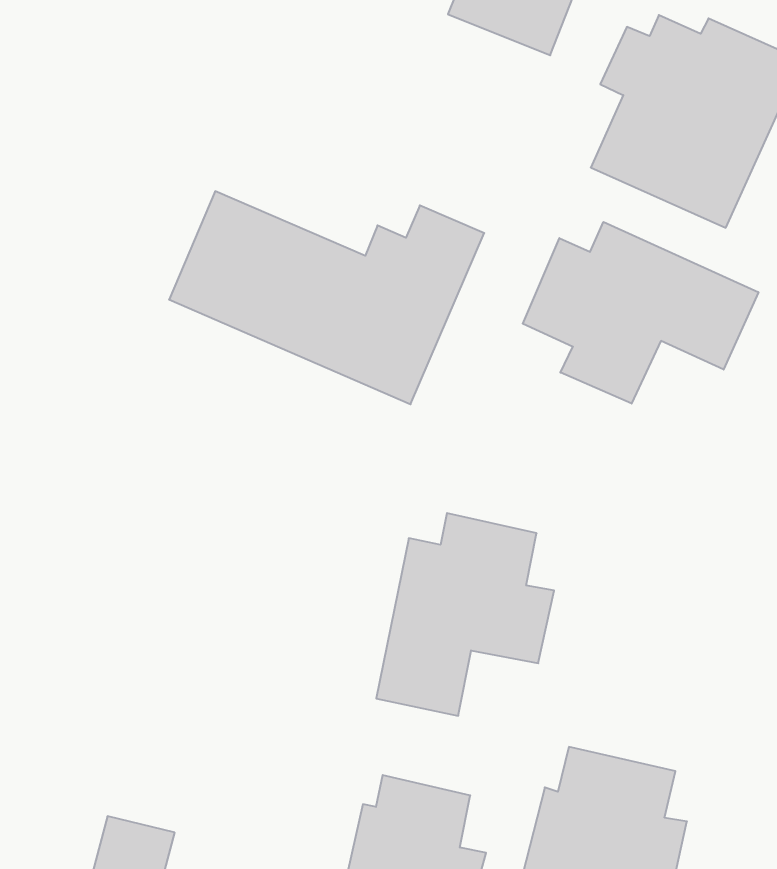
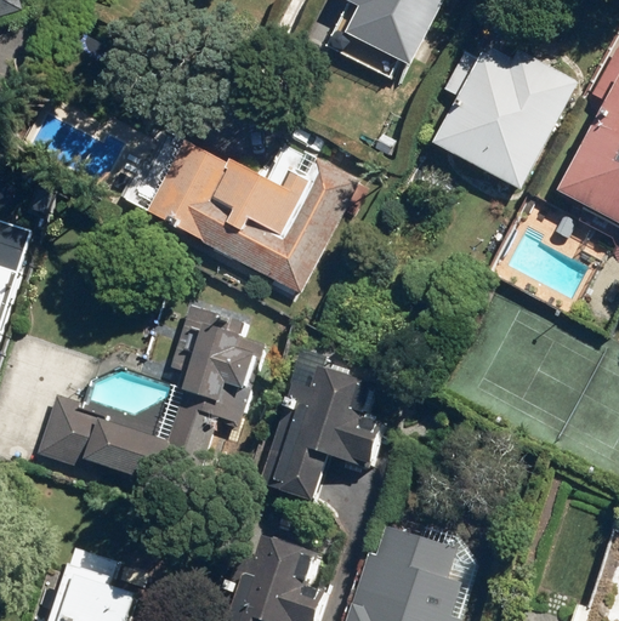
building: [523,222,758,404] -> none
building: none -> [38,306,265,495]

